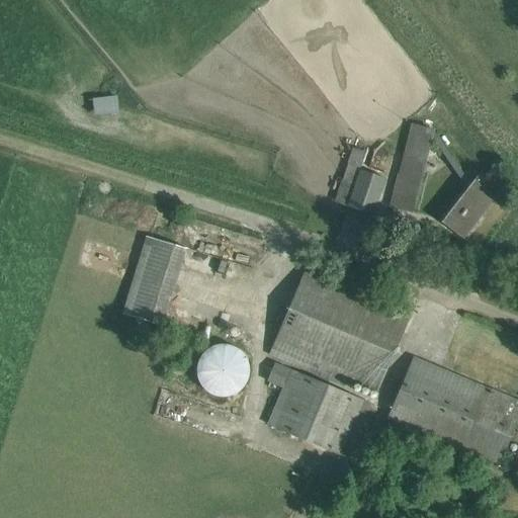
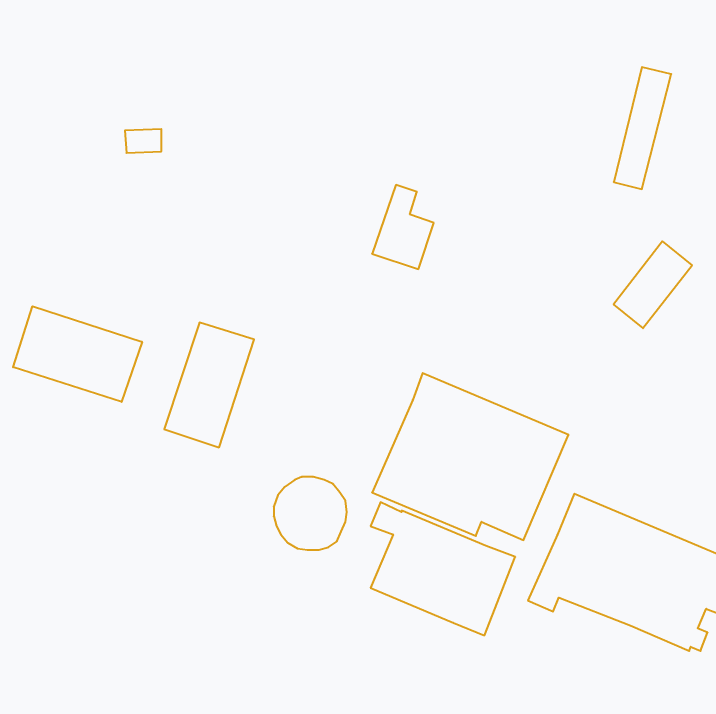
building: [393,122,434,210] -> [614,67,671,189]
building: [337,150,381,210] -> [372,185,434,269]
building: none -> [13,306,142,402]

